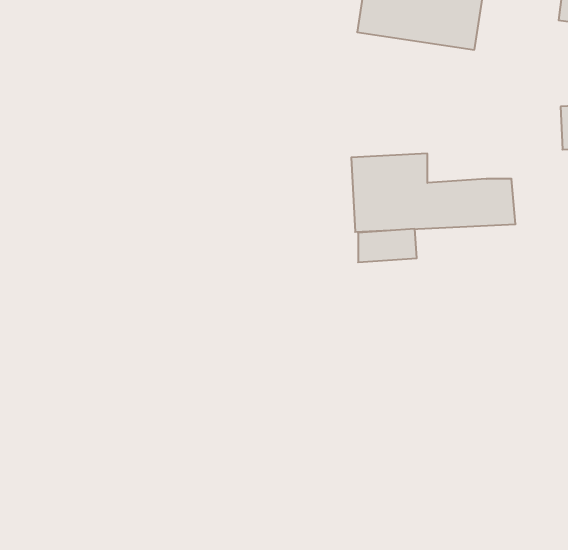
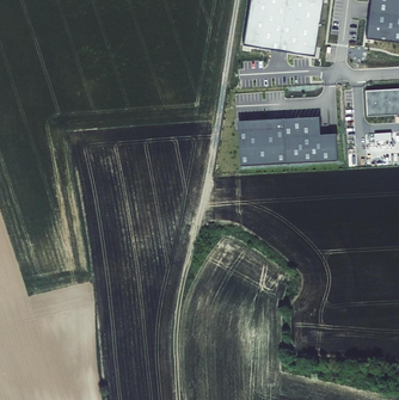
building: [358,229,417,262] -> [284,116,320,136]

